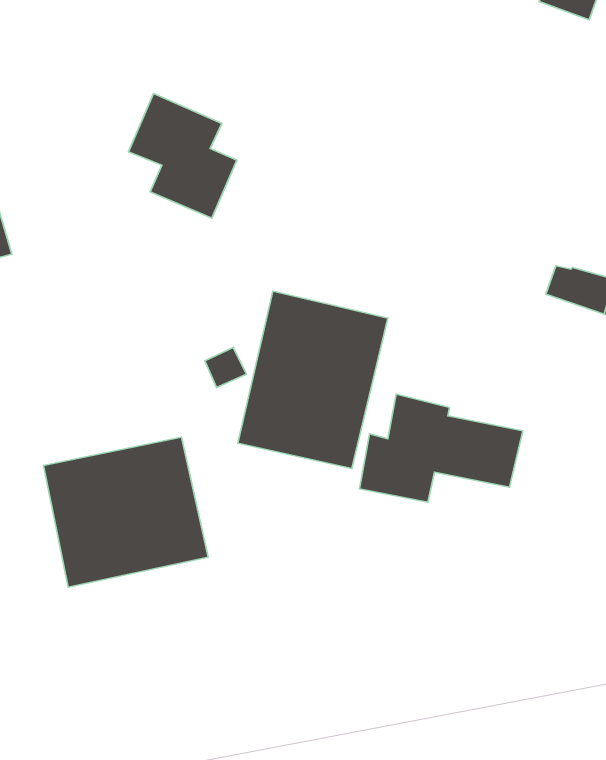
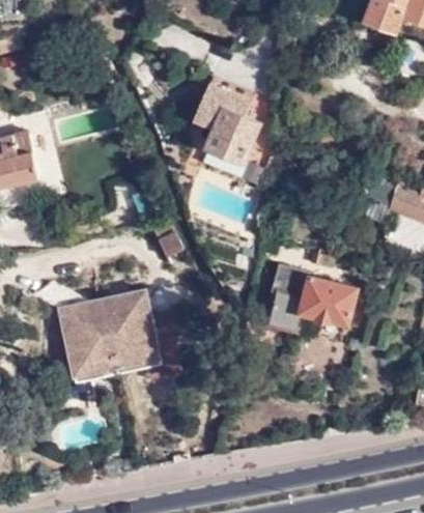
building: [129,94,237,218] -> [192,83,259,161]
building: [238,291,388,468] -> none

